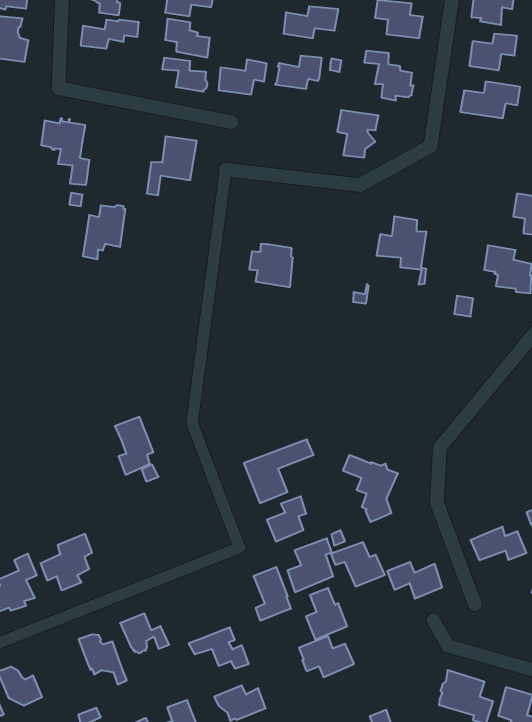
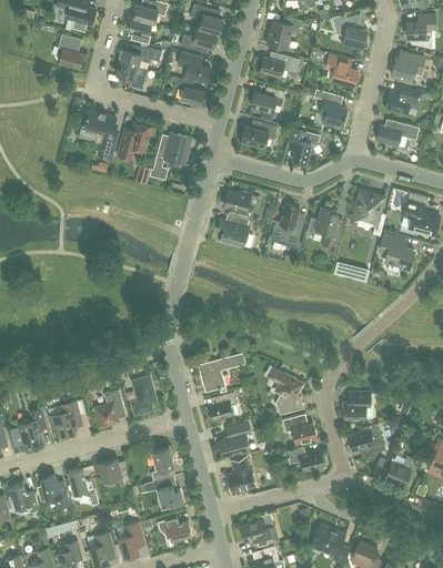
building: none -> [115,62,147,89]
building: [219,59,267,94] -> [241,122,276,146]
building: none -> [352,193,384,235]
building: [83,205,125,259] -> [117,122,150,159]
building: none -> [223,190,252,220]
building: none -> [271,204,302,245]
building: [115,417,153,475] -> [131,376,155,415]
building: none -> [341,392,370,419]
building: none -> [93,389,123,427]
building: [331,542,385,586] -> [281,414,316,444]
building: [253,567,291,621] -> [150,446,174,481]
building: [299,636,354,677] -> [241,519,278,547]
building: none -> [37,475,69,508]

